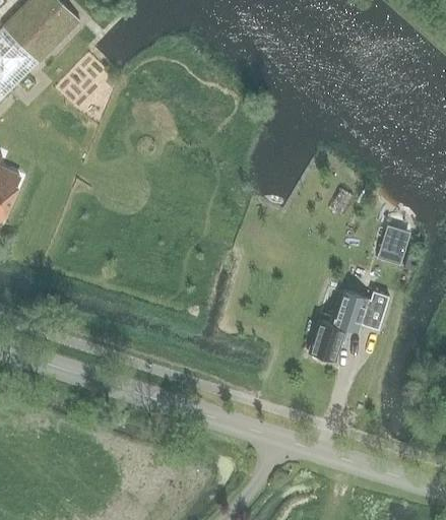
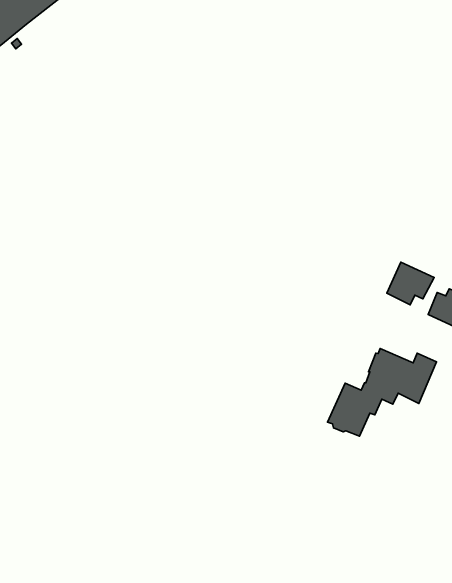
building: none -> [387,262,434,305]

